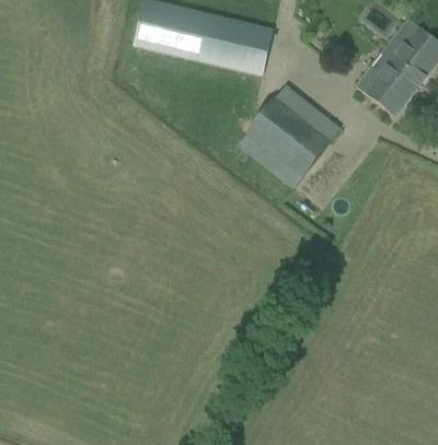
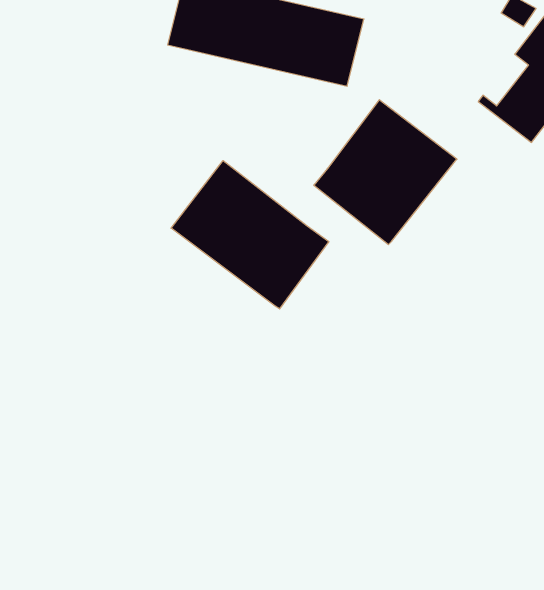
building: none -> [171,161,329,309]

